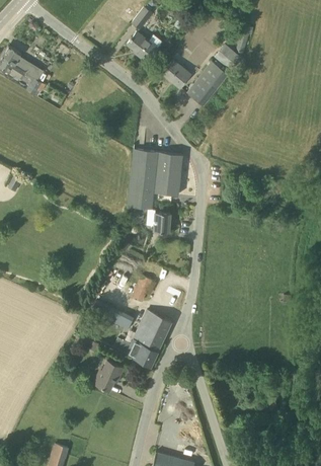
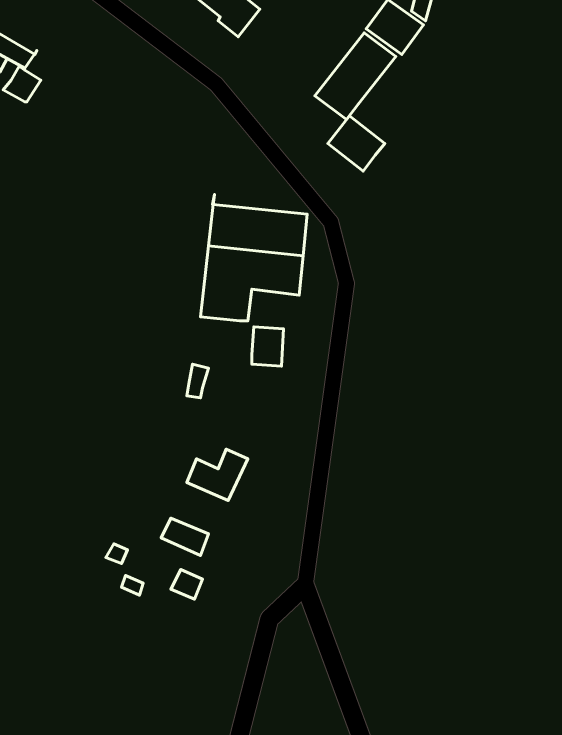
building: [162,60,191,88] -> [328,116,385,171]
building: [127,310,171,366] -> none
building: [95,360,124,391] -> none

